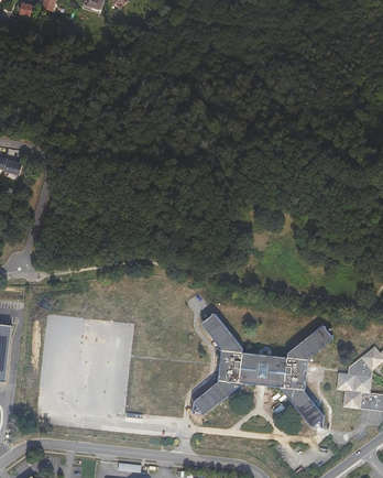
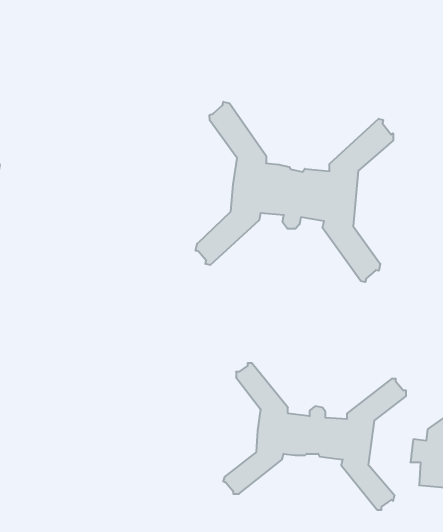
building: none -> [196,102,393,282]

